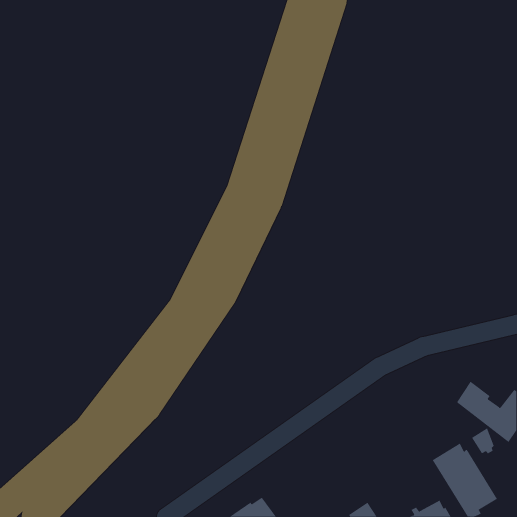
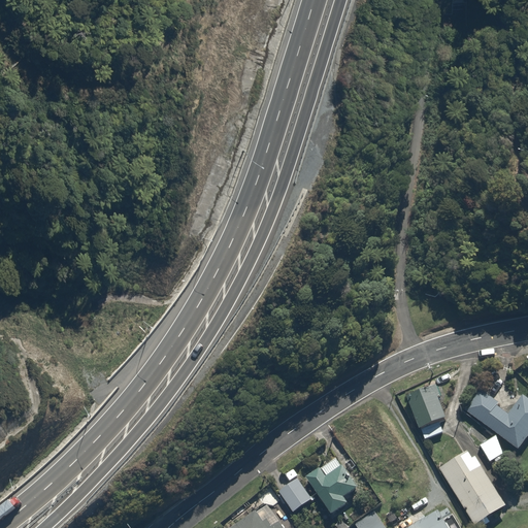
building: none -> [405,384,446,438]
building: none -> [304,458,358,515]
building: none -> [278,478,311,513]

